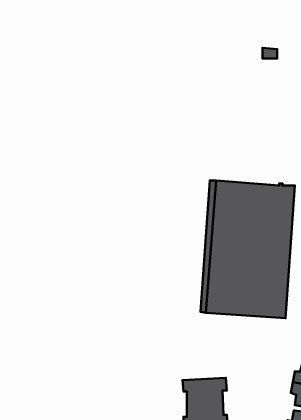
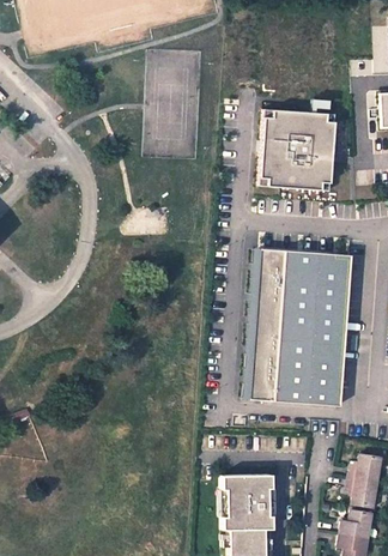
building: none -> [260,109,335,189]

